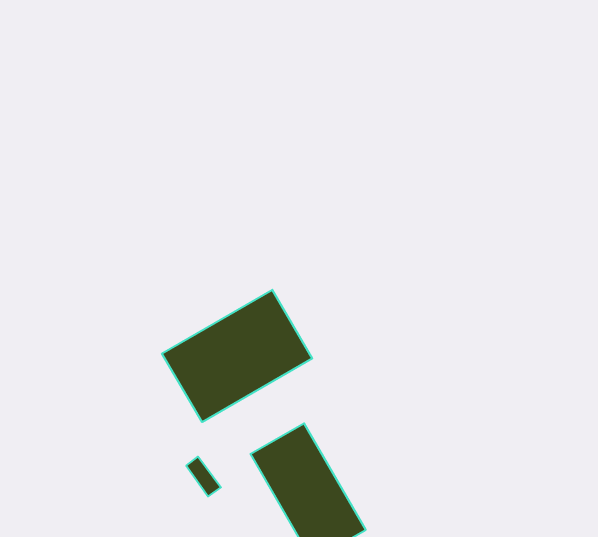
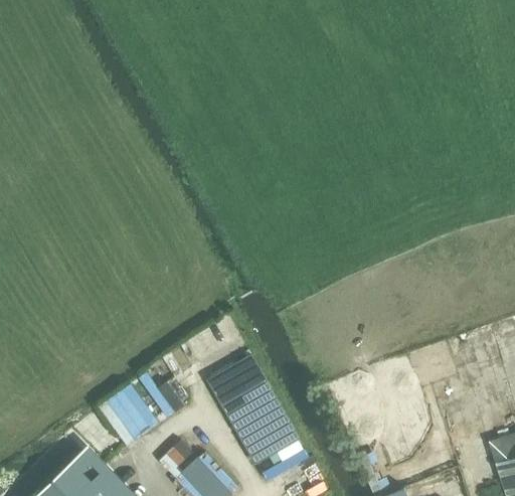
building: [162,290,312,422] -> none

